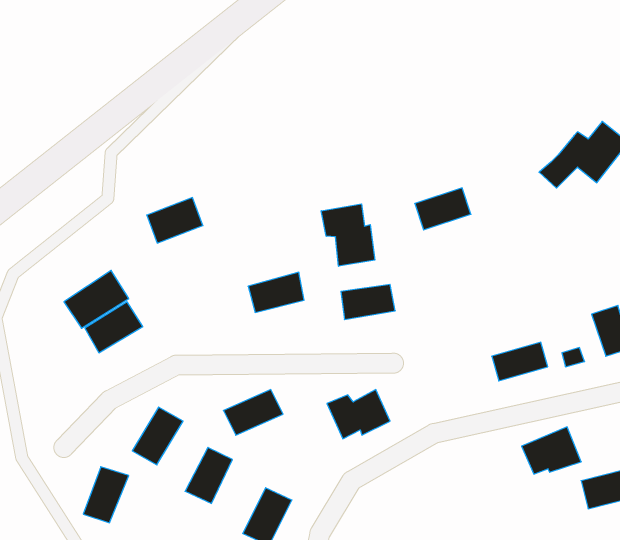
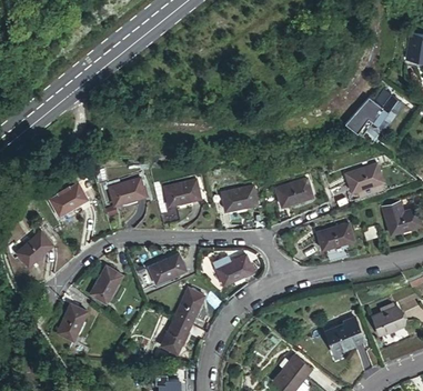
building: [415,188,471,230] -> [276,179,312,205]
building: [147,198,203,243] -> [110,179,145,208]
building: [321,204,375,266] -> none
building: none -> [346,170,379,192]
building: none -> [18,232,53,265]
building: [522,427,581,474] -> [330,315,367,345]
building: [185,447,232,503] -> [174,290,204,325]

